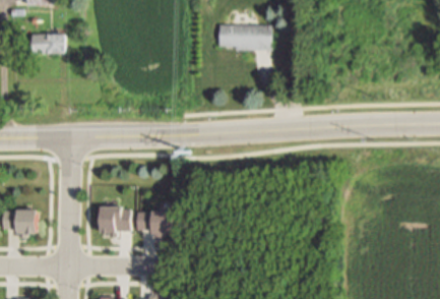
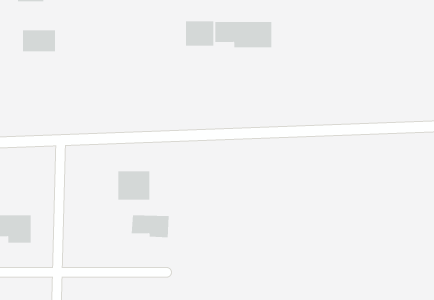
building: none -> [185,20,214,46]
building: [101,210,132,238] -> [118,171,150,200]

